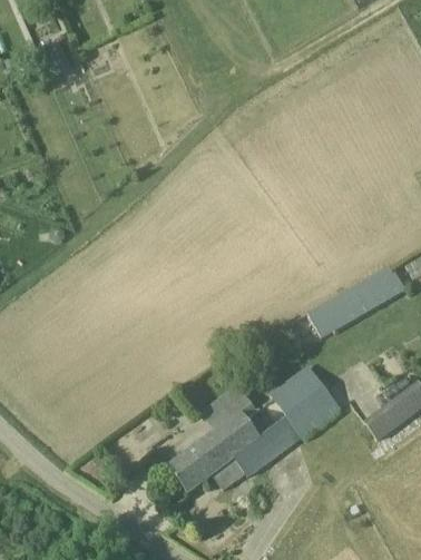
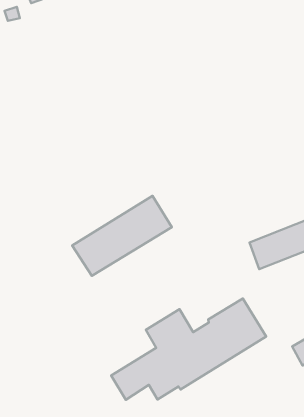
building: none -> [72,196,172,276]

